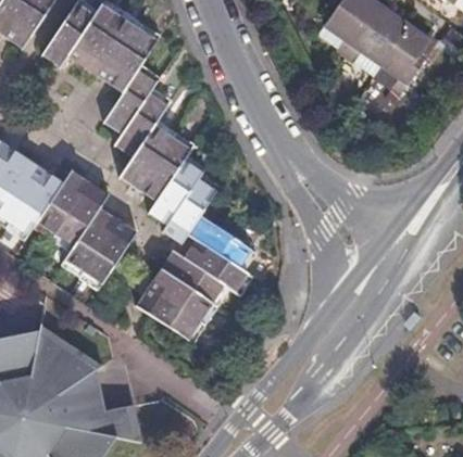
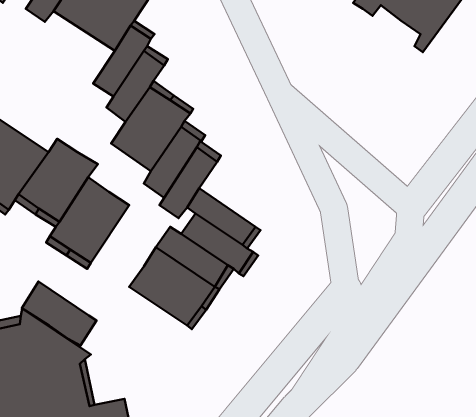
building: none -> [22,281,96,345]

